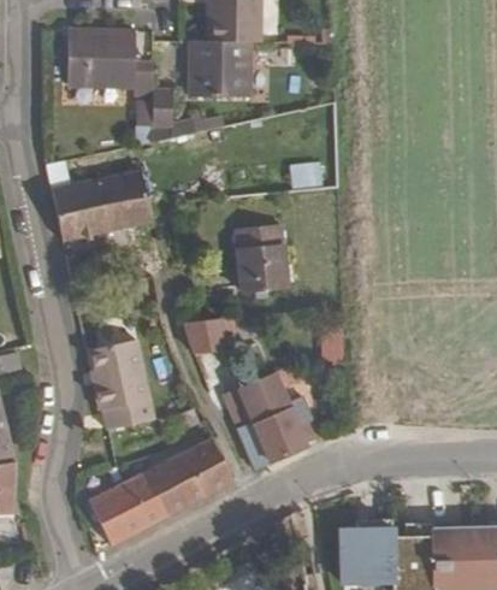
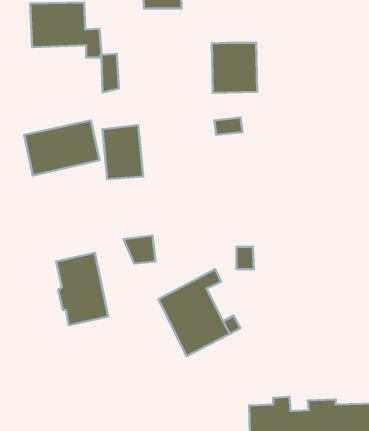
building: [185,35,242,98] -> [212,43,257,93]
building: [233,224,284,291] -> [102,125,143,179]
building: [94,438,235,545] -> none

